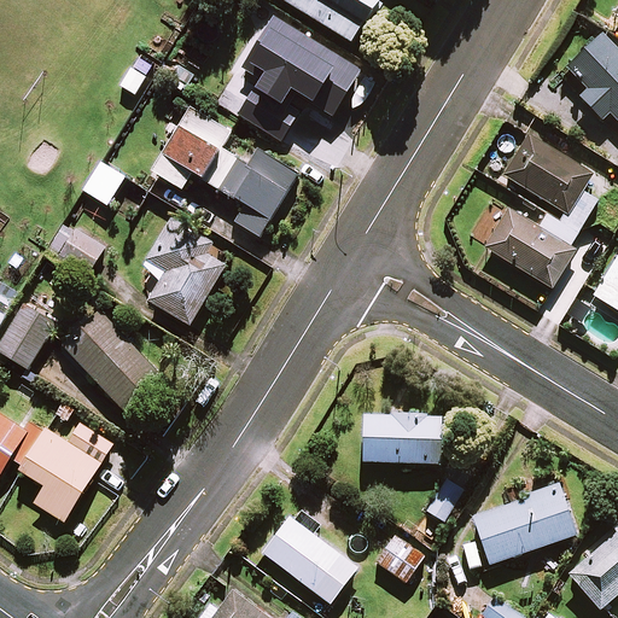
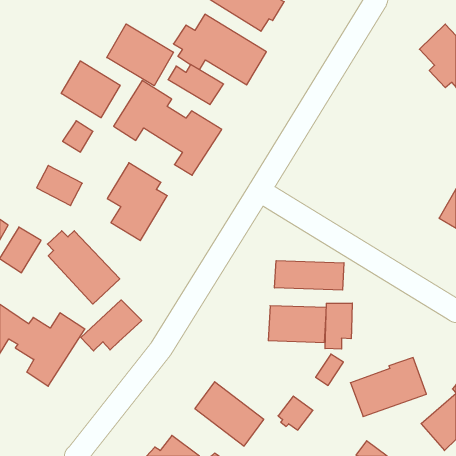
building: none -> [107,24,173,86]
building: none -> [61,61,120,118]
building: [502,134,590,214] -> none
building: [484,206,576,288] -> none
building: none -> [275,261,344,290]
building: none -> [81,300,142,351]
building: none -> [325,303,352,349]

